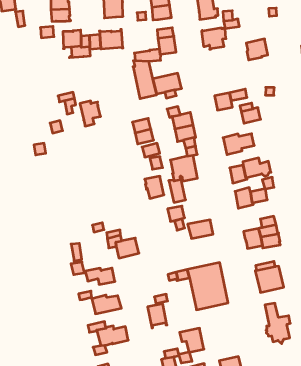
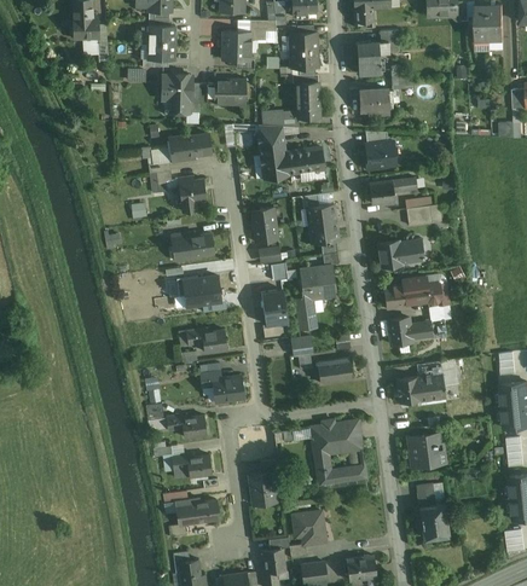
building: [246,39,268,60] -> [366,141,395,169]
building: none -> [169,134,210,163]
building: none -> [172,231,214,260]
building: none -> [176,275,220,306]
building: none -> [179,327,227,352]

